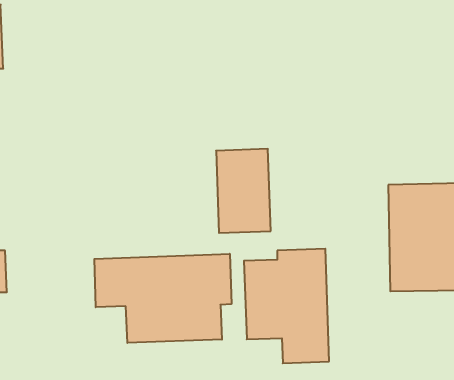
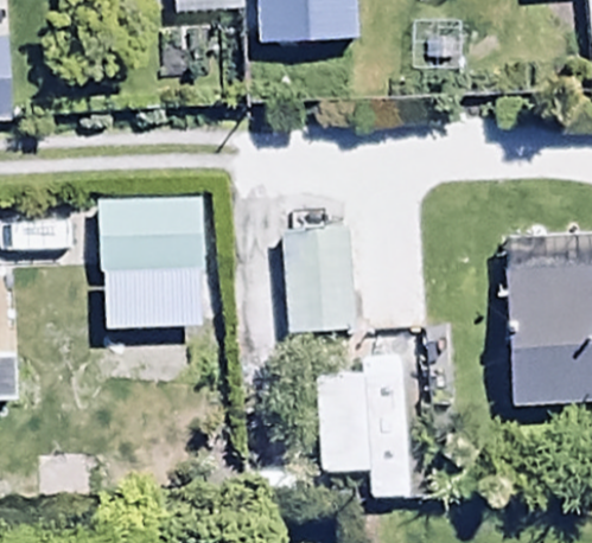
building: none -> [97,190,205,326]
building: [94,254,231,343] -> none

